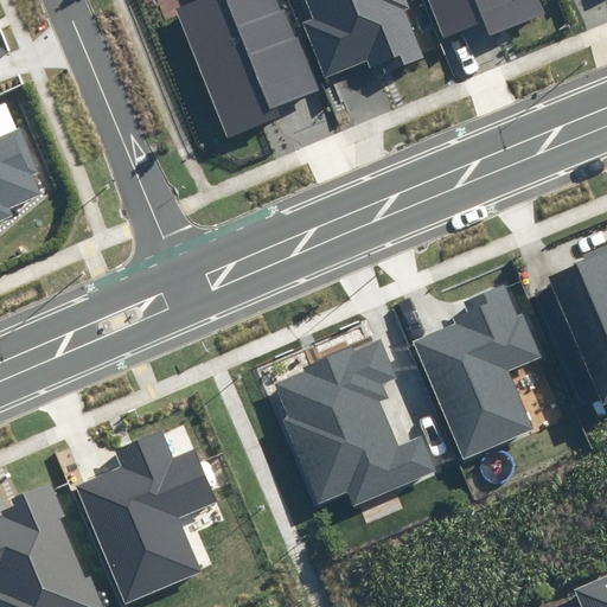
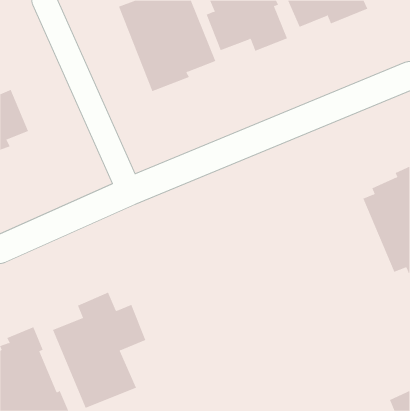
building: [413,286,543,459] -> none
building: [274,339,434,504] -> none

